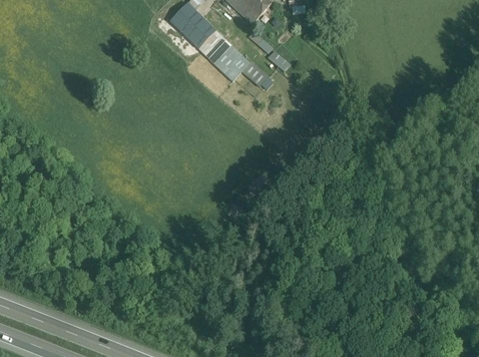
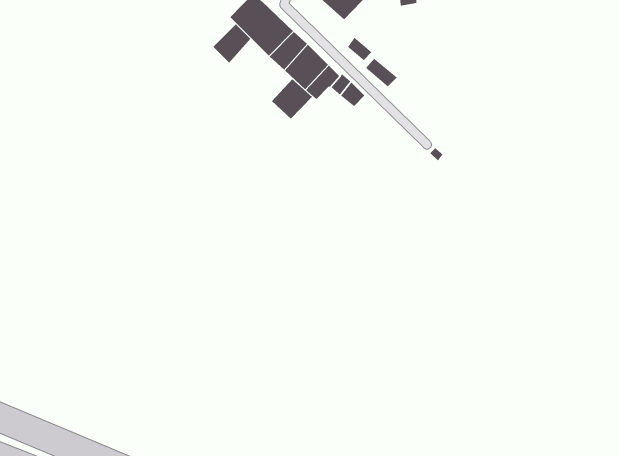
building: none -> [212,24,251,63]
building: none -> [271,79,313,119]

